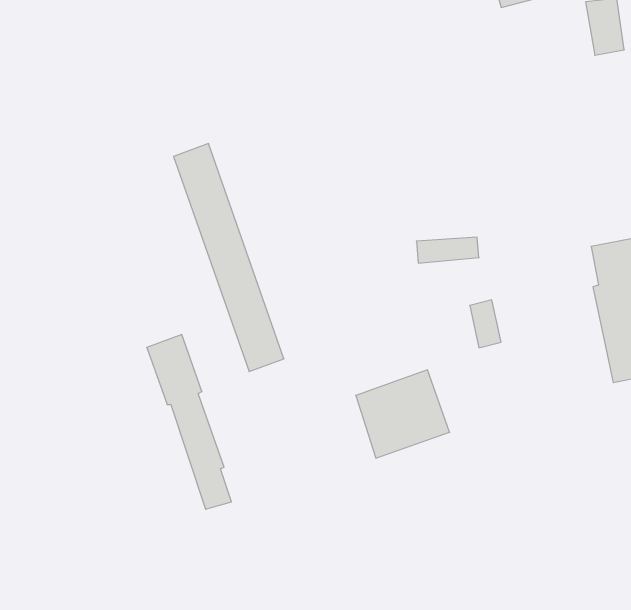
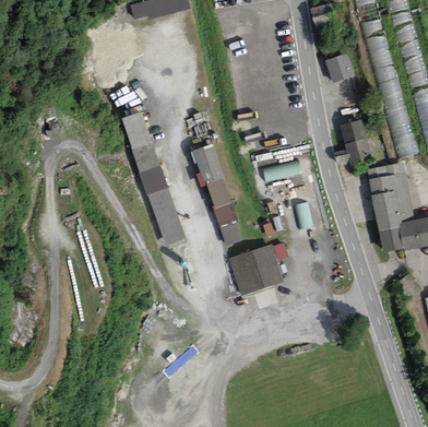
building: none -> [324,51,354,82]
building: none -> [333,119,370,166]
building: [147,335,231,509] -> [191,142,241,246]

